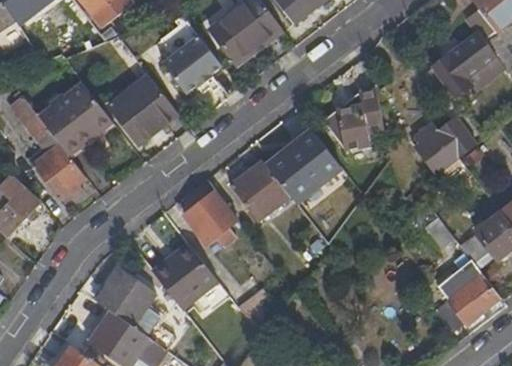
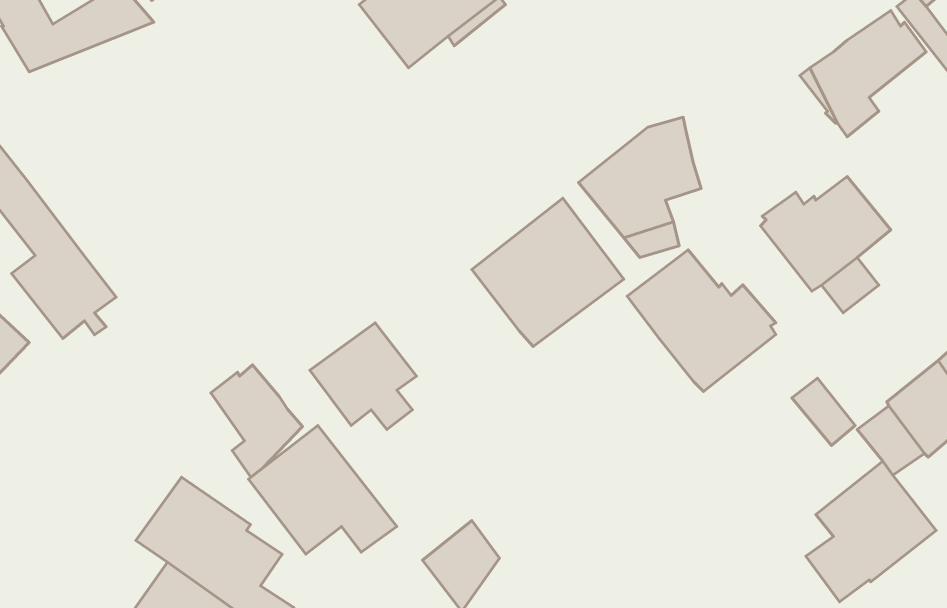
building: [161,34,221,93] -> none
building: [106,72,177,143] -> none
building: [40,85,112,156] -> none
building: none -> [627,250,776,392]
building: [229,160,289,220] -> none
building: none -> [211,365,302,477]

